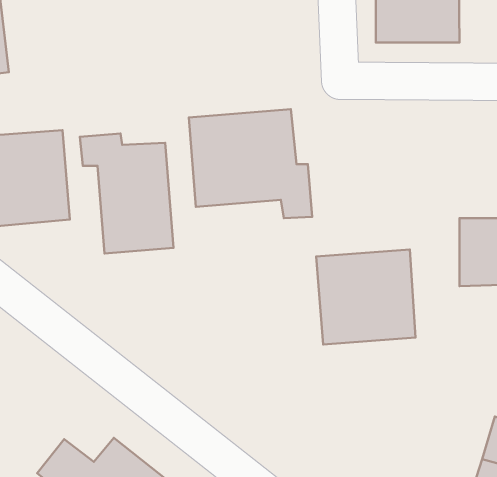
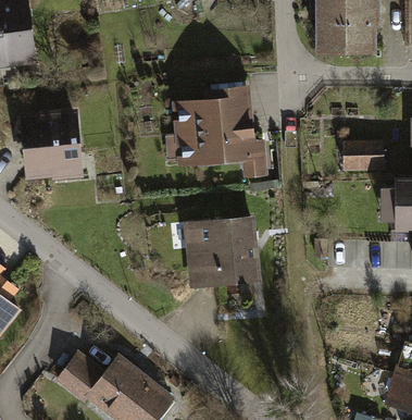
building: [80,133,173,254] -> none
building: none -> [342,133,384,164]
building: [316,250,415,344] -> [185,217,261,289]

